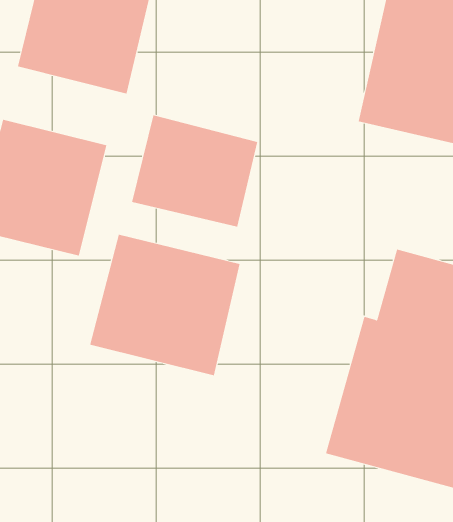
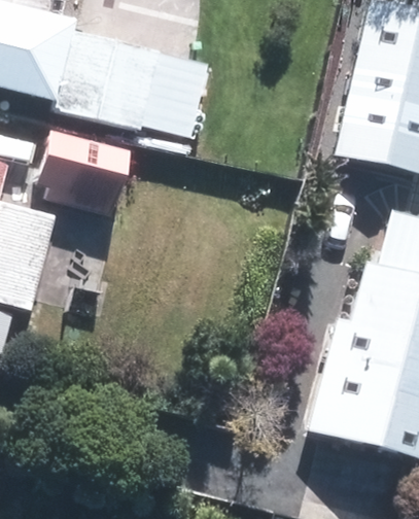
building: [131,115,258,227] -> none
building: [90,234,240,376] -> none

